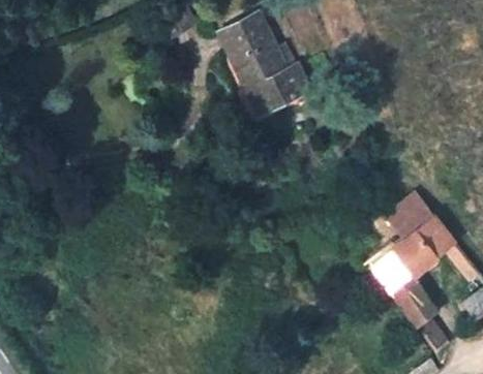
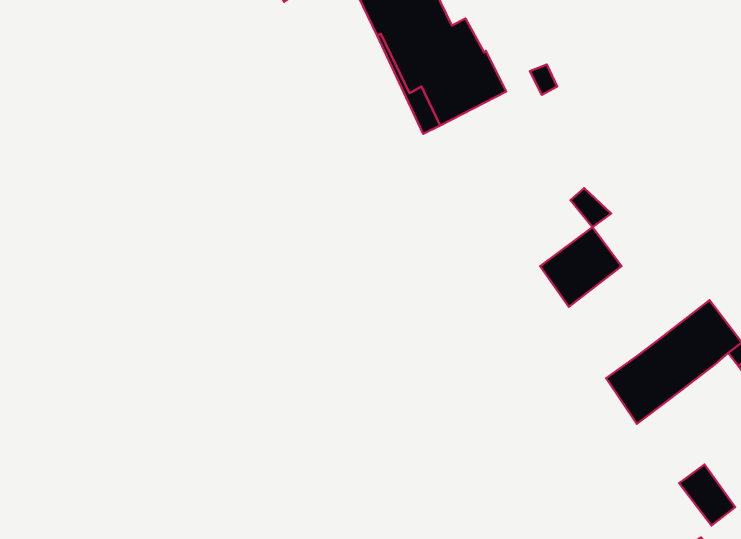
building: [386,193,435,242] -> [540,227,621,307]
building: [391,277,437,329] -> none

